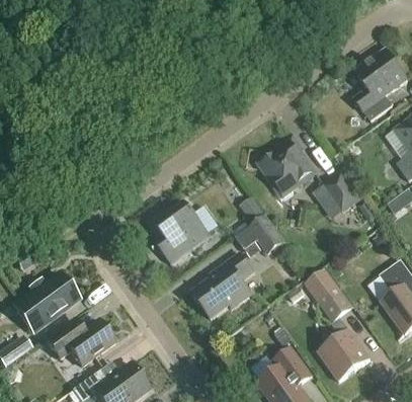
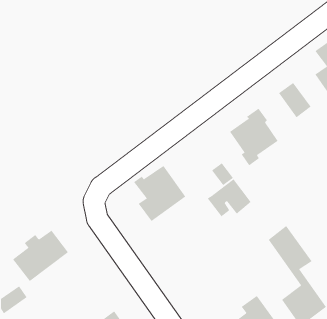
building: [323,172,360,213] -> [278,82,311,118]
building: [191,252,253,319] -> none
building: [45,318,114,367] -> none

